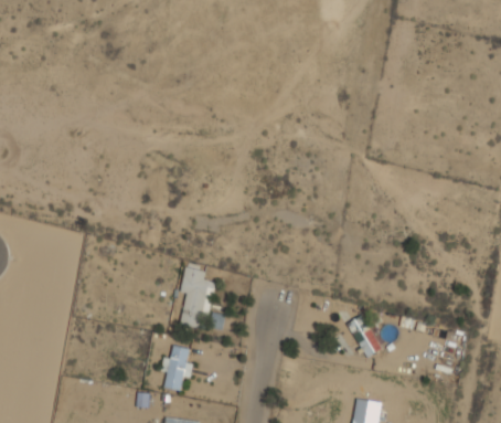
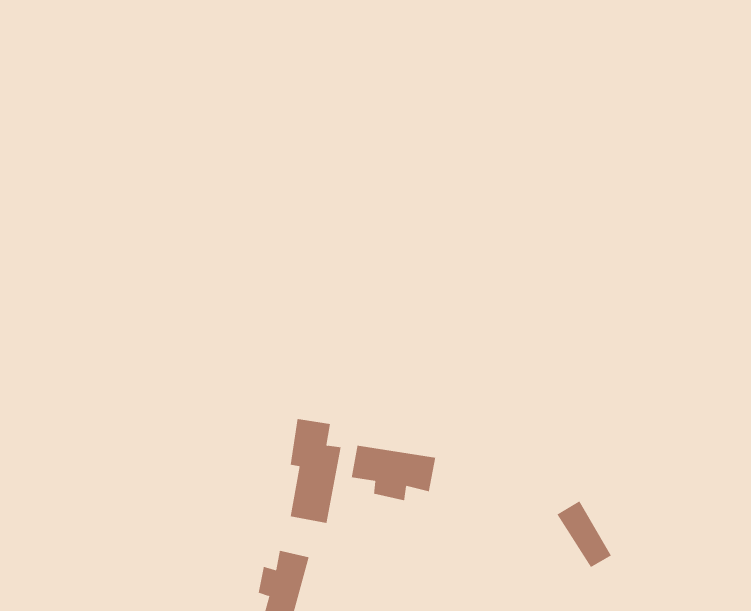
building: none -> [351,445,436,501]

